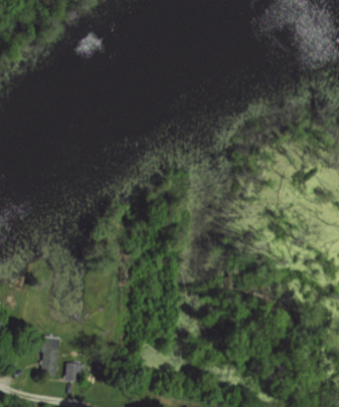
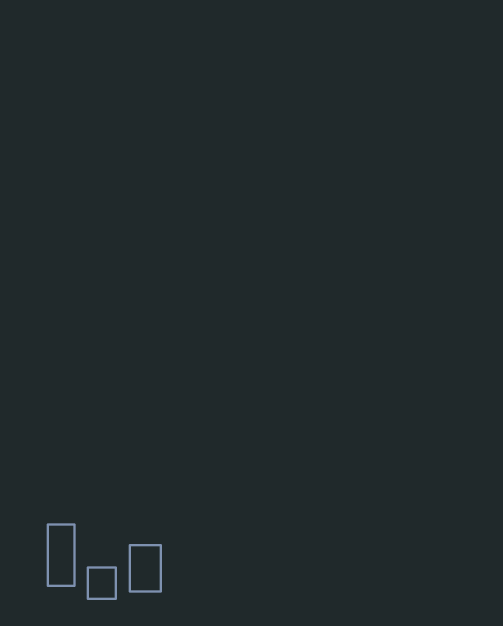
building: none -> [130,545,161,592]

